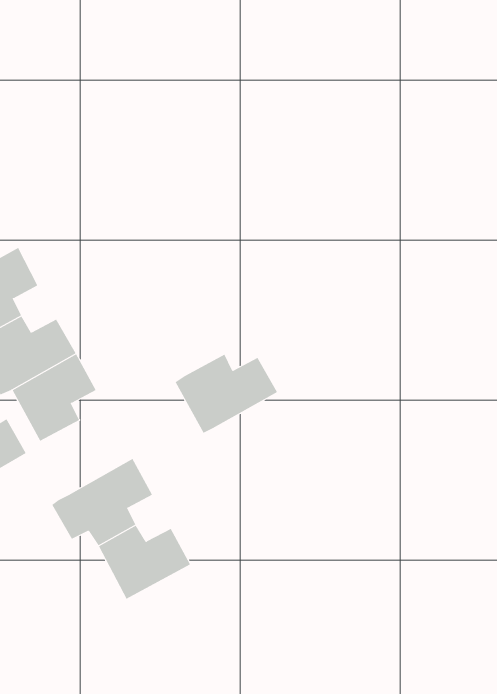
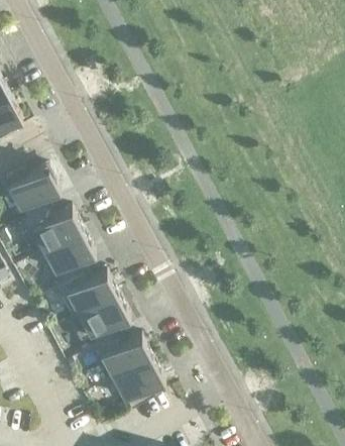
building: [175,354,278,434] -> [53,271,116,320]
building: none -> [112,359,163,413]

